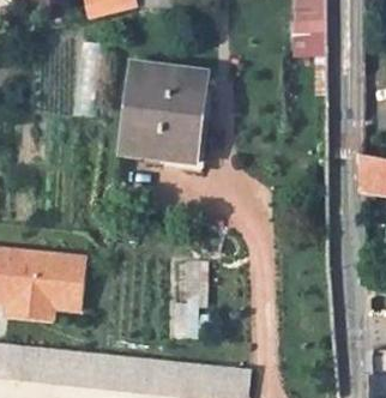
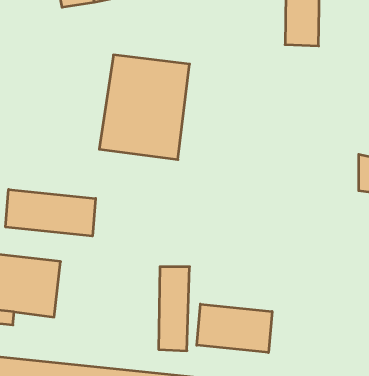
building: none -> [6,189,96,236]
building: none -> [197,304,272,353]

